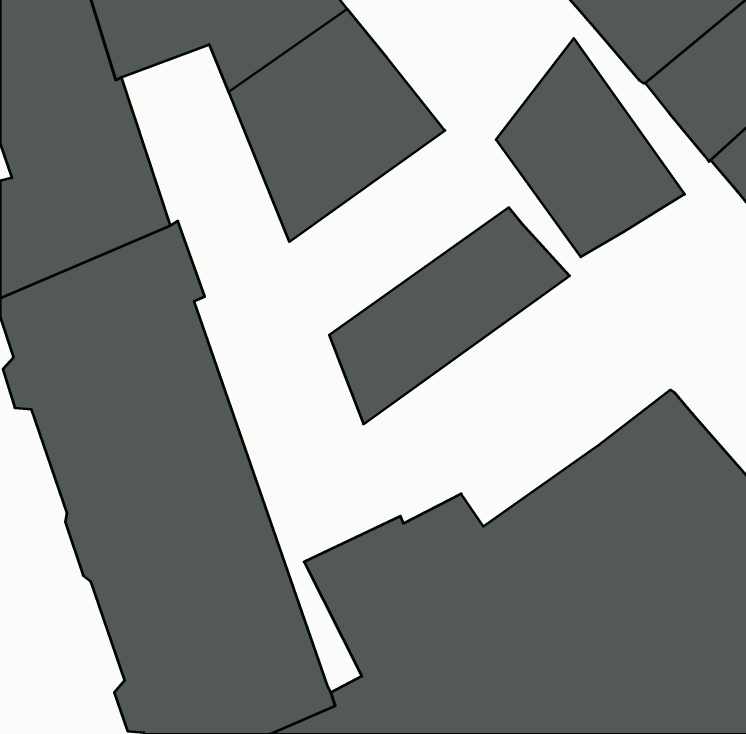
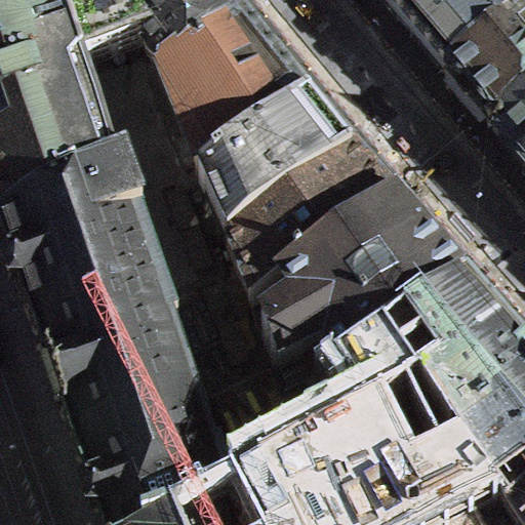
building: [496,38,685,257] -> none
building: none -> [207,89,360,232]
building: none -> [259,191,472,364]

